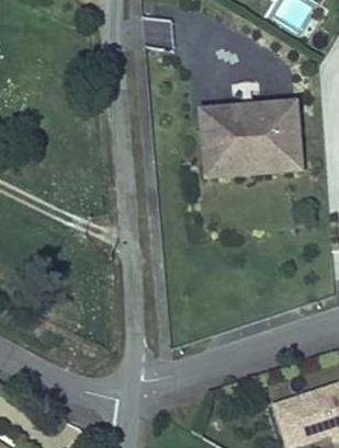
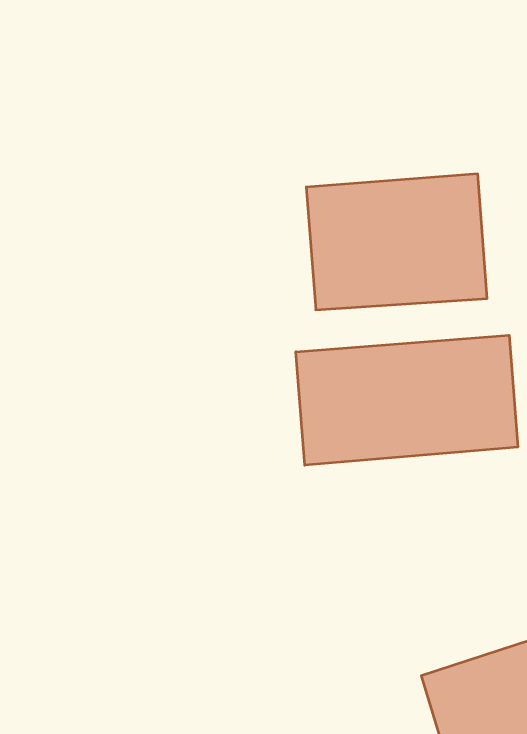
building: none -> [296,335,518,465]

